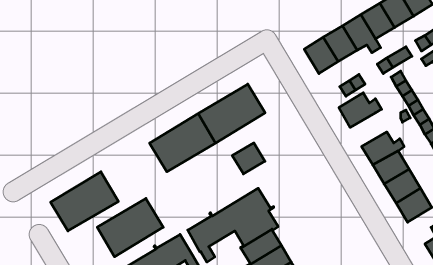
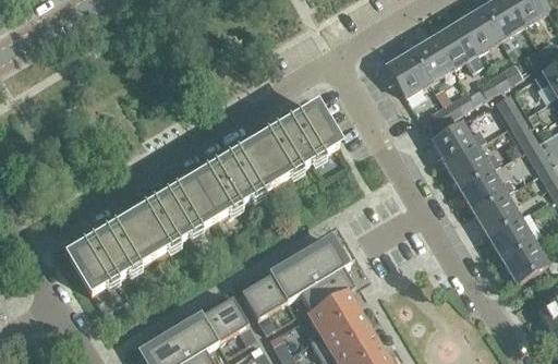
building: none -> [445,144,498,186]
building: [232,143,265,174] -> none
building: [97,198,163,257] -> [132,182,215,255]

